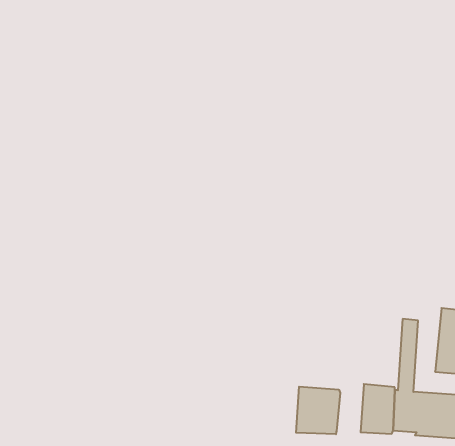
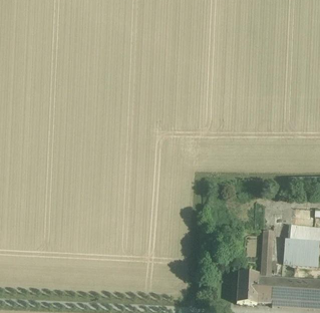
building: [296,387,340,434] -> none

